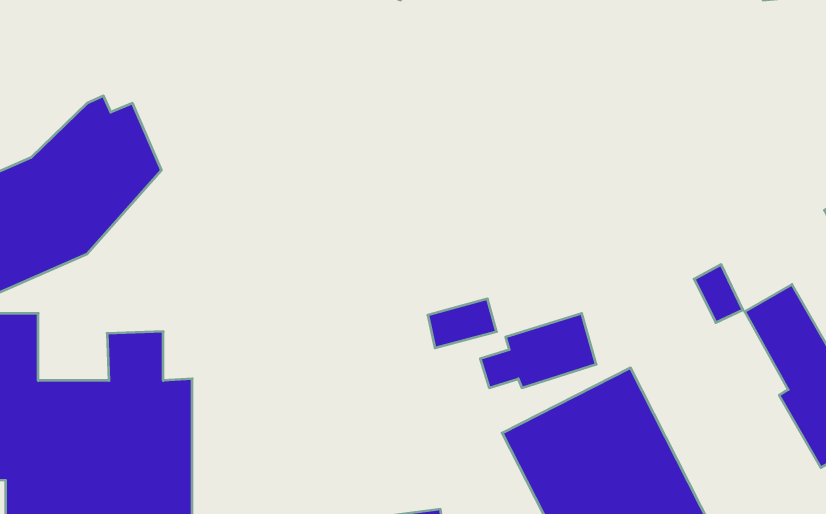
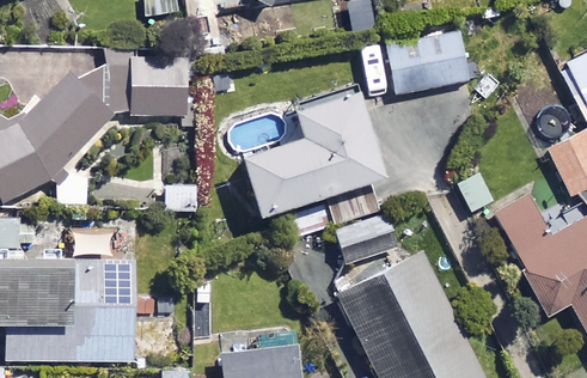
building: none -> [387,30,470,96]
building: none -> [112,59,182,117]
building: none -> [236,93,375,217]

